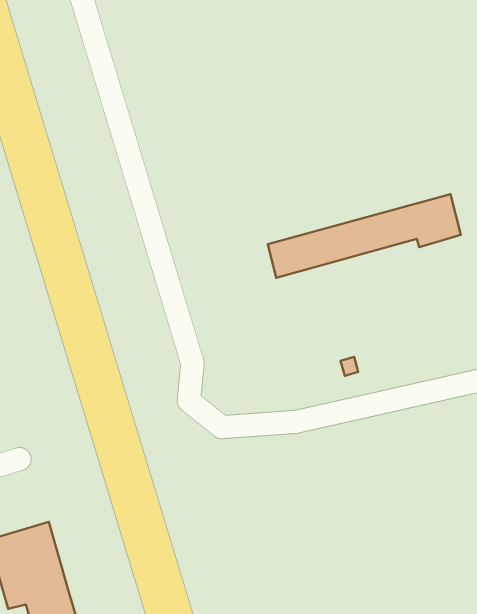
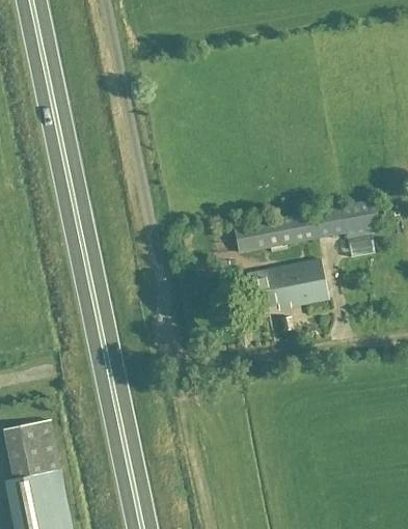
building: none -> [246,259,326,309]

